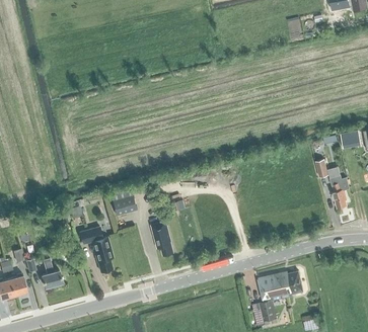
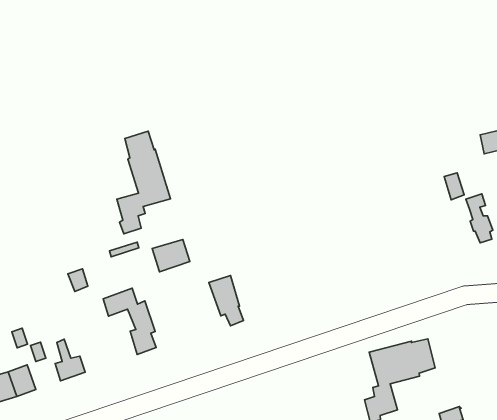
building: none -> [117,131,170,234]

